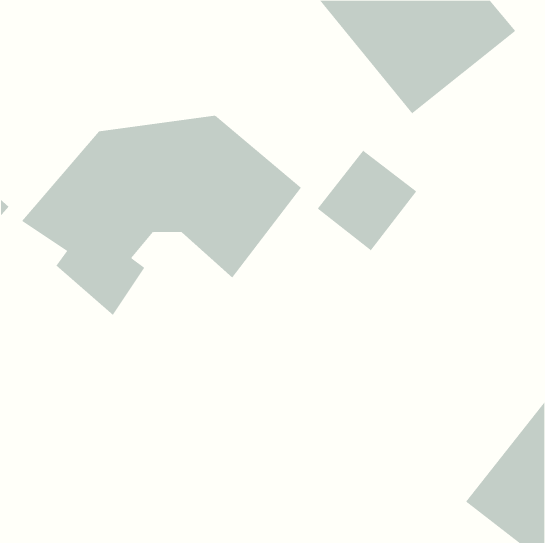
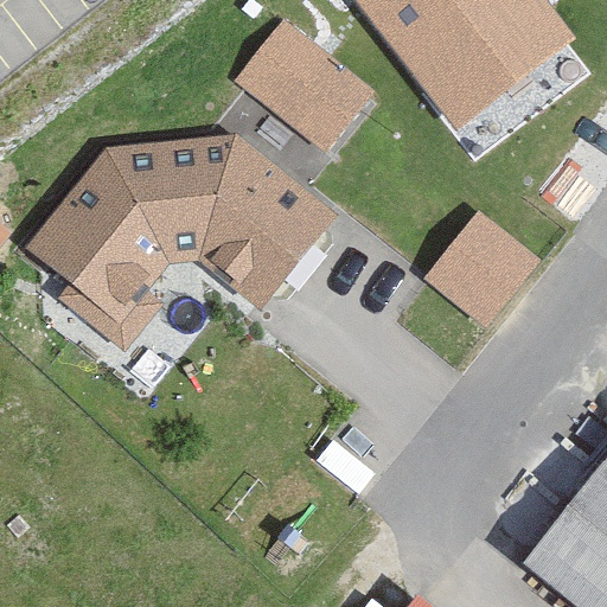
building: none -> [236,18,378,154]
building: [317,150,417,251] -> [428,217,539,330]

